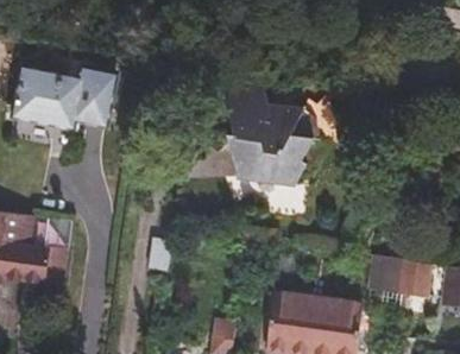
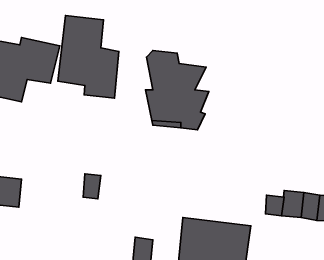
building: none -> [58,15,119,98]

